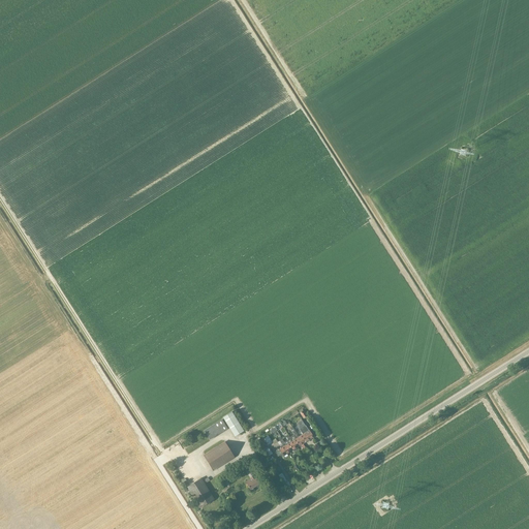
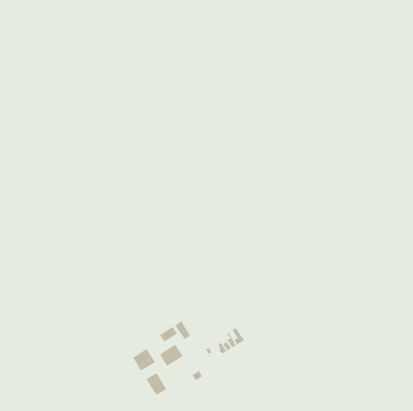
building: none -> [132,348,156,372]

